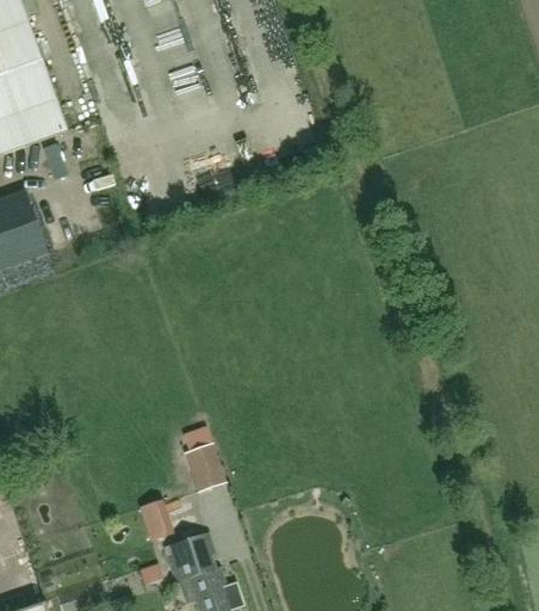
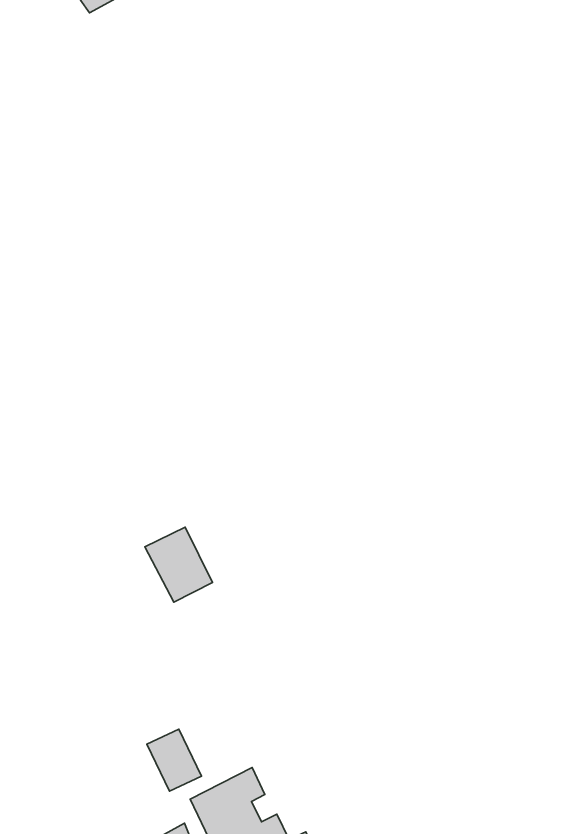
building: [184,444,225,493] -> [145,527,213,602]

